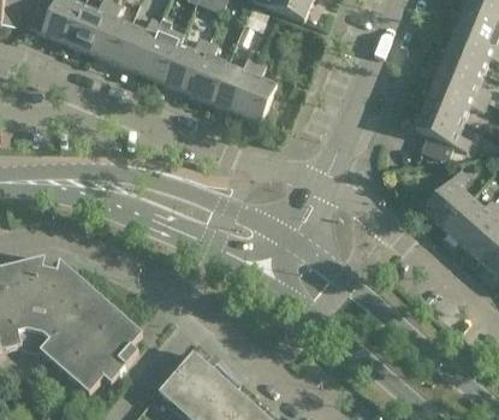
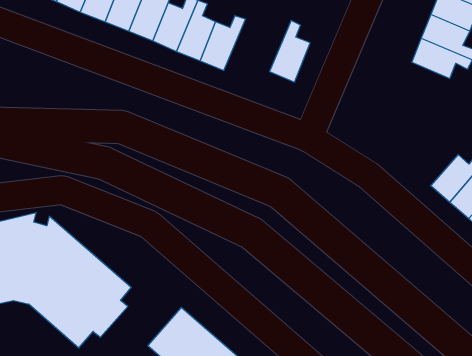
building: [234,60,275,123] -> [270,20,310,82]
building: [414,103,470,158] -> none
building: [422,168,471,229] -> none

